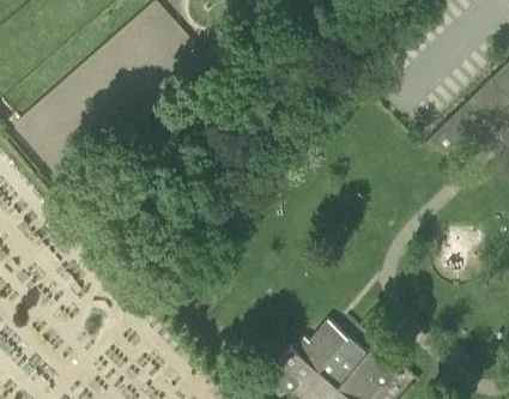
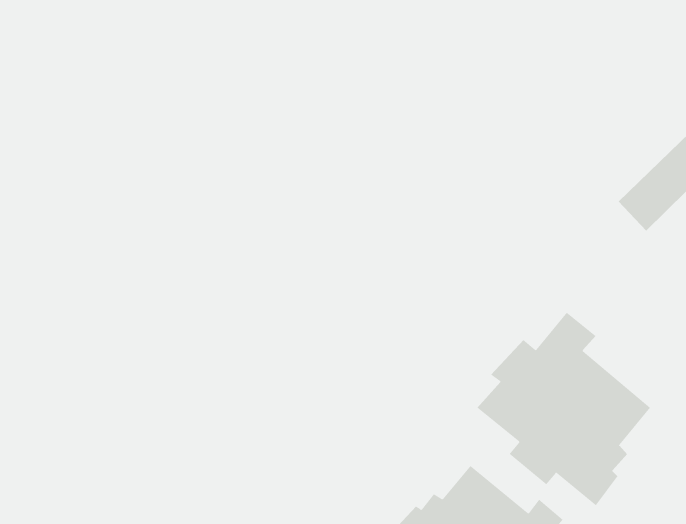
building: none -> [477,312,651,506]

